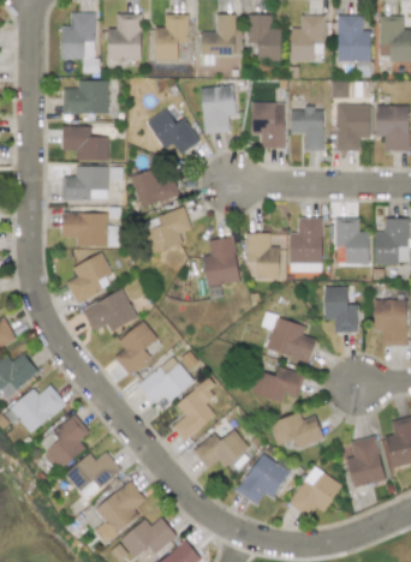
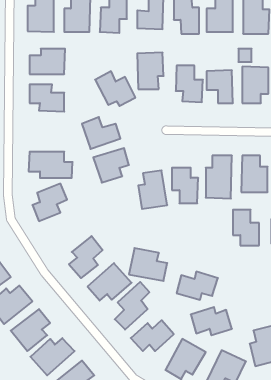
building: [62,166,108,199] -> none
building: [83,289,137,331] -> none
building: [267,318,316,360] -> [129,248,167,281]

